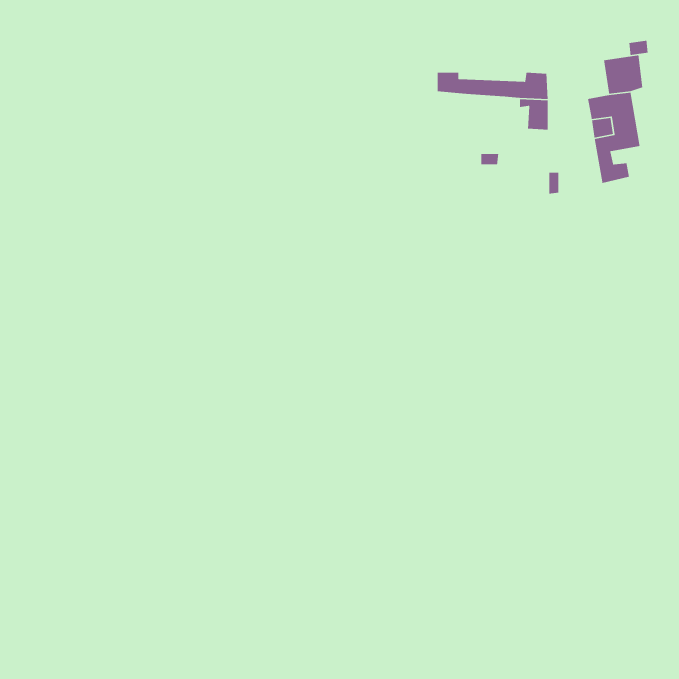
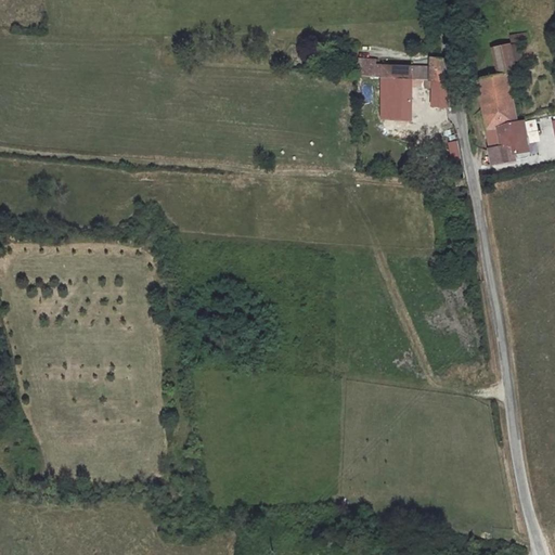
building: none -> [379,77,411,121]
building: none -> [490,119,529,166]

